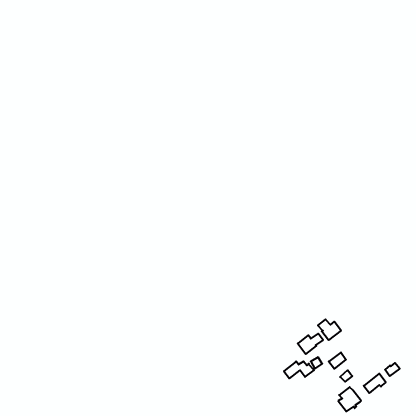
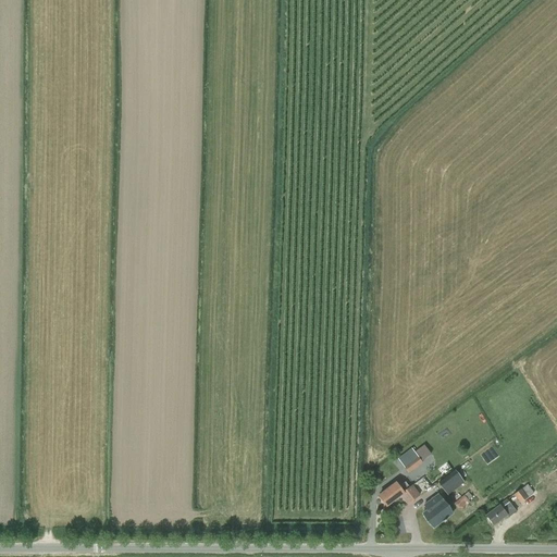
building: [318,319,341,340] -> none
building: [338,387,361,411] -> [423,494,454,527]

